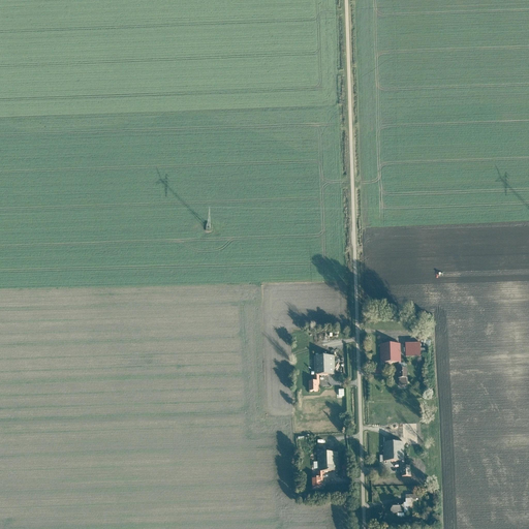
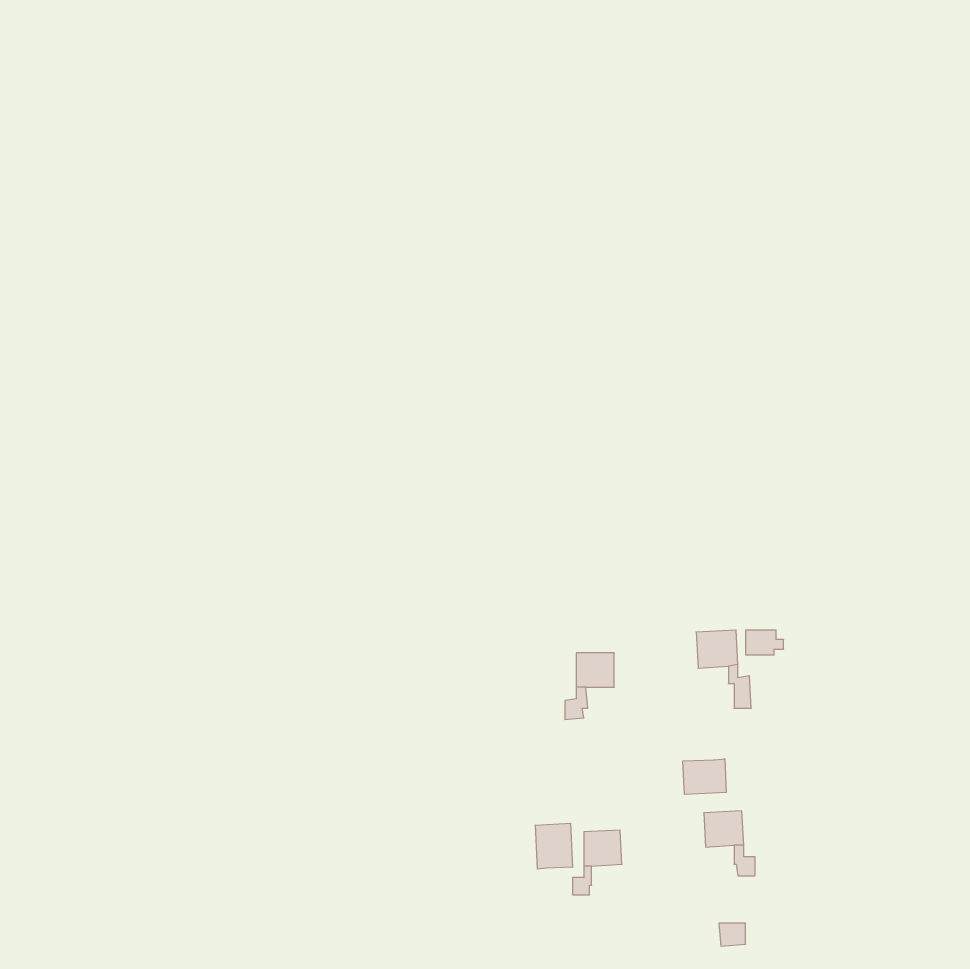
building: none -> [683,759,726,794]
building: none -> [535,823,573,869]

